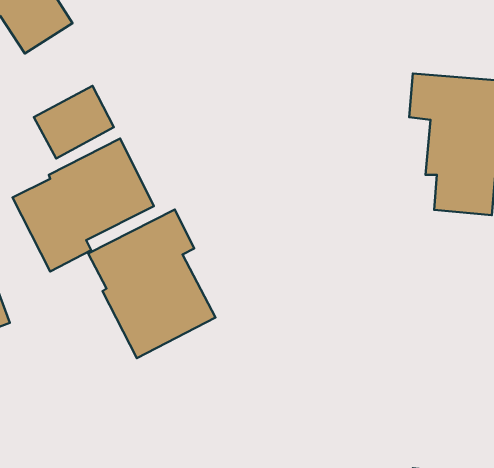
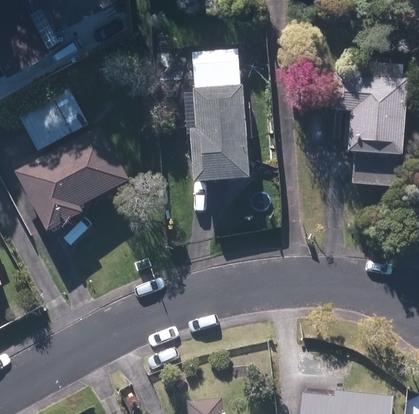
building: none -> [192,51,247,186]
building: [88,210,215,358] -> none

